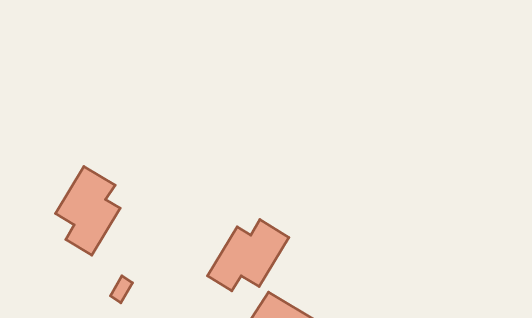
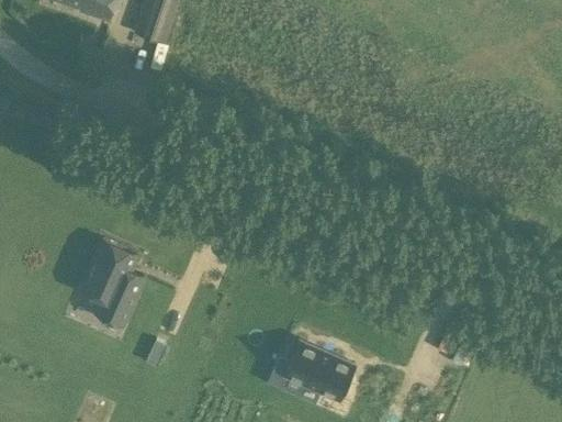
building: [207,219,289,291] -> none

